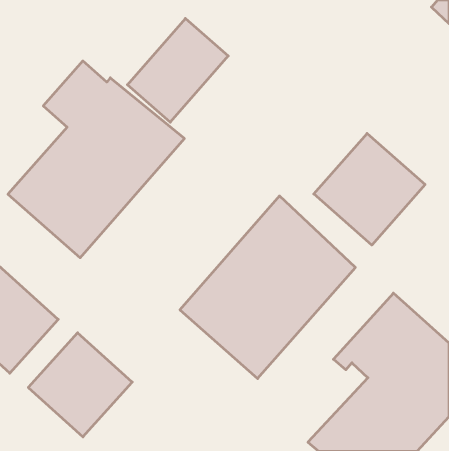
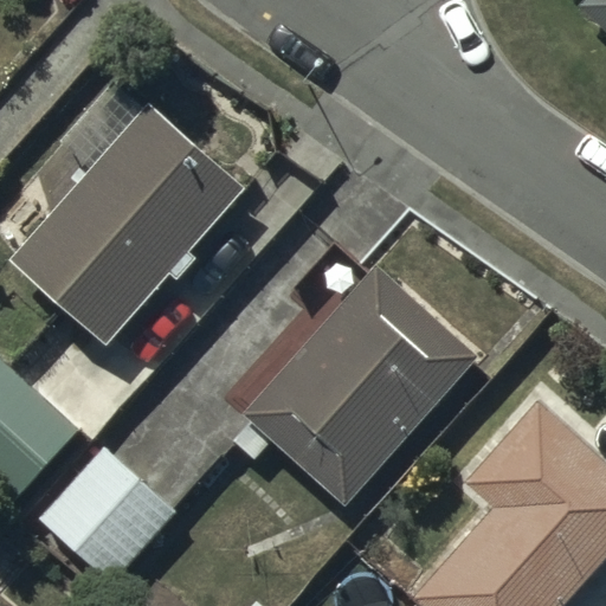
building: [127,18,228,122] -> none
building: [314,133,425,245] -> none

